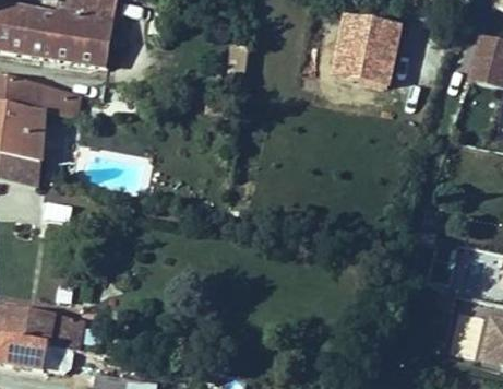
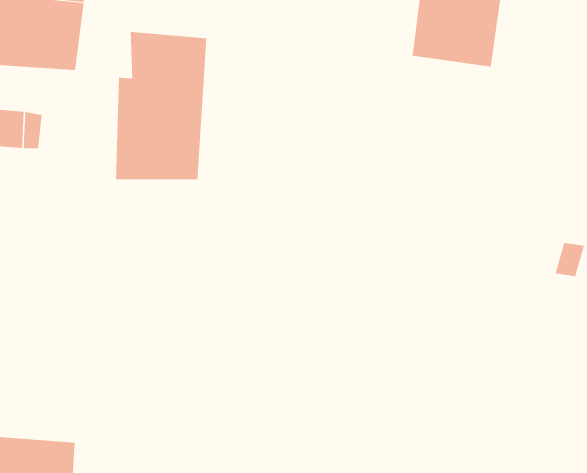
building: none -> [116,31,207,180]

